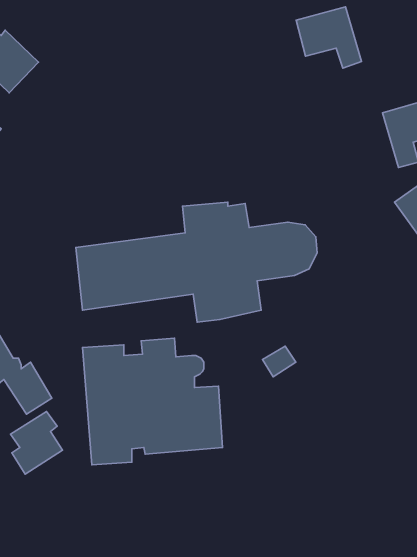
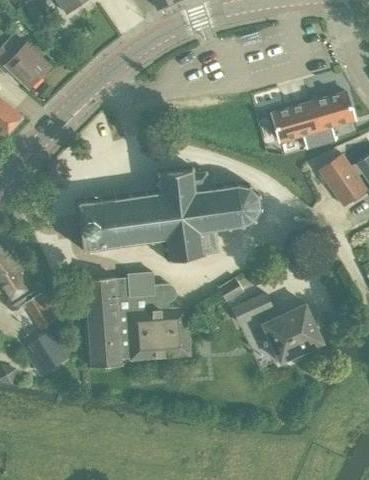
building: [296,7,361,68] -> [271,103,320,149]
building: none -> [232,293,272,324]
building: none -> [261,303,323,363]

